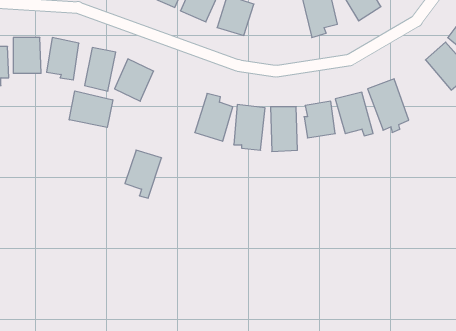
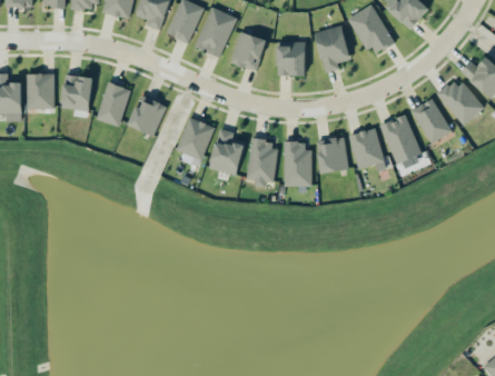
building: none -> [277,41,306,76]
building: none -> [412,99,452,144]
building: [69,91,113,127] -> none
building: [125,150,162,198] -> [177,118,214,166]

